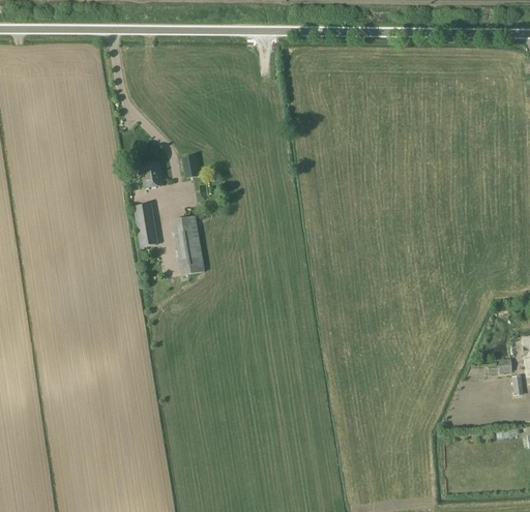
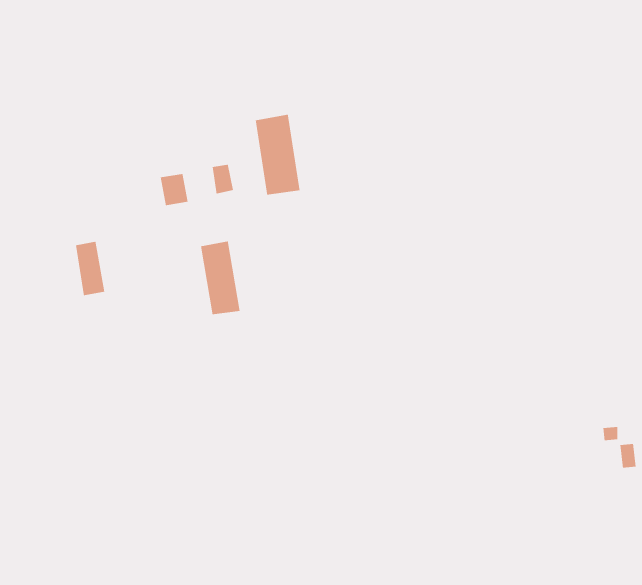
building: none -> [255,114,300,196]
building: [135,203,158,246] -> [75,241,105,296]

